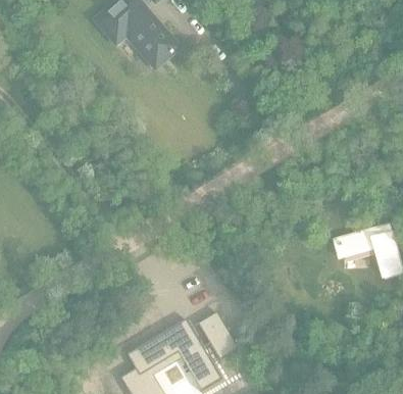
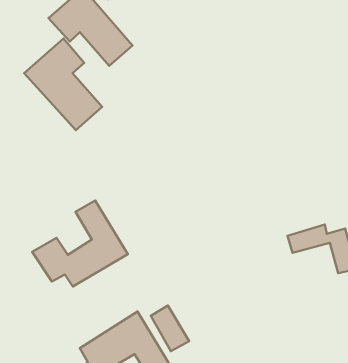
building: none -> [24,39,102,130]
building: none -> [32,201,128,287]

